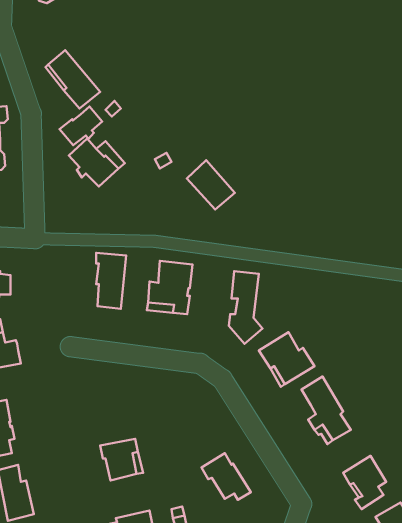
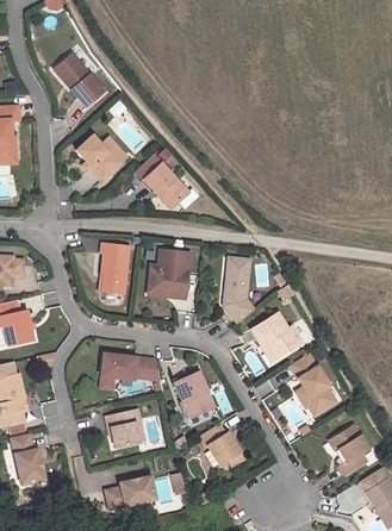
building: [60,106,102,145] -> none
building: [187,160,235,210] -> [145,163,189,208]
building: none -> [101,354,161,380]
building: none -> [175,370,216,418]

